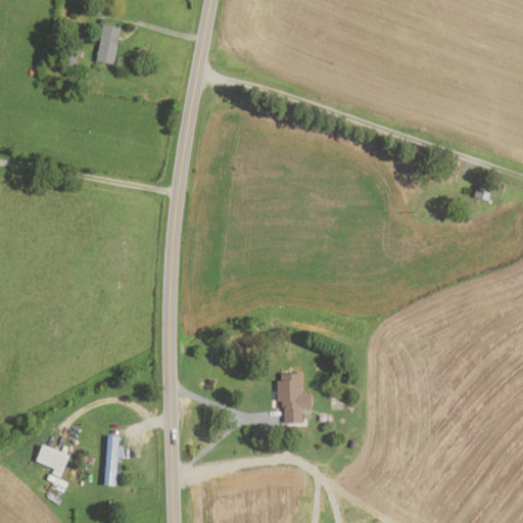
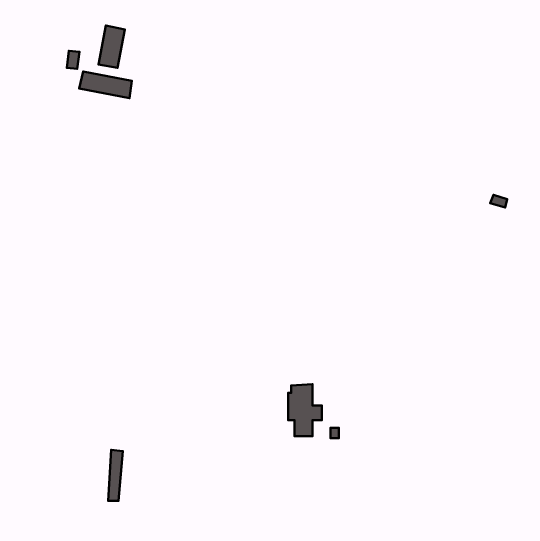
building: none -> [79,72,132,98]
building: [36,443,69,471] -> none

